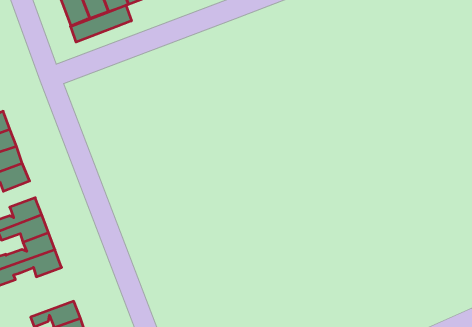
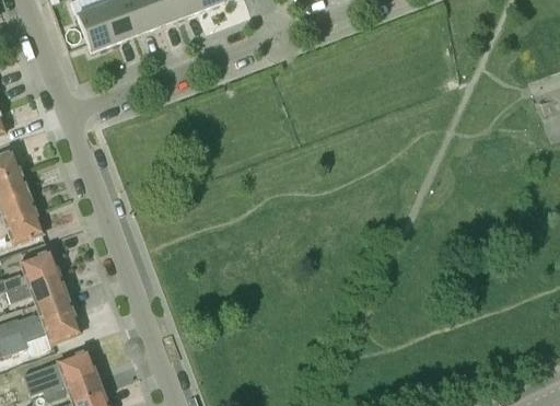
building: [70,5,131,42] -> none
building: none -> [39,351,94,391]

